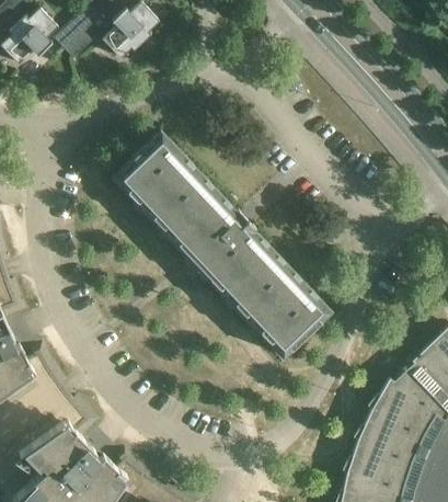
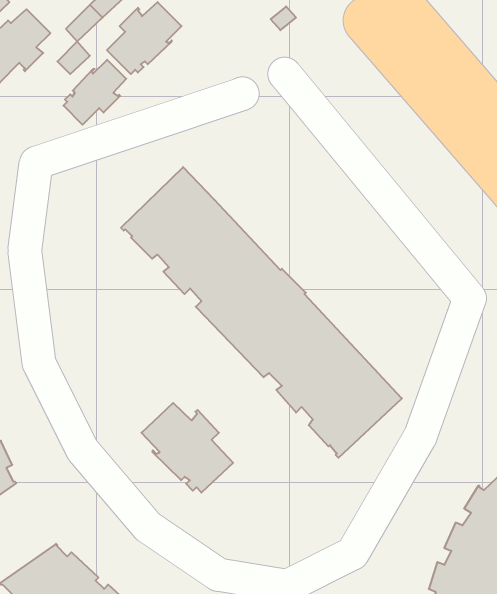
building: none -> [63,60,126,125]
building: none -> [141,403,233,493]

